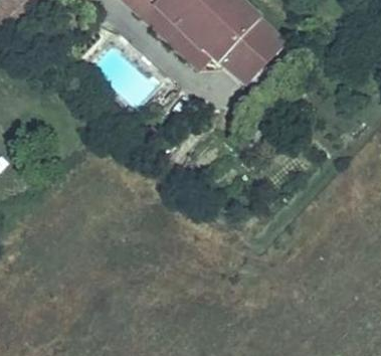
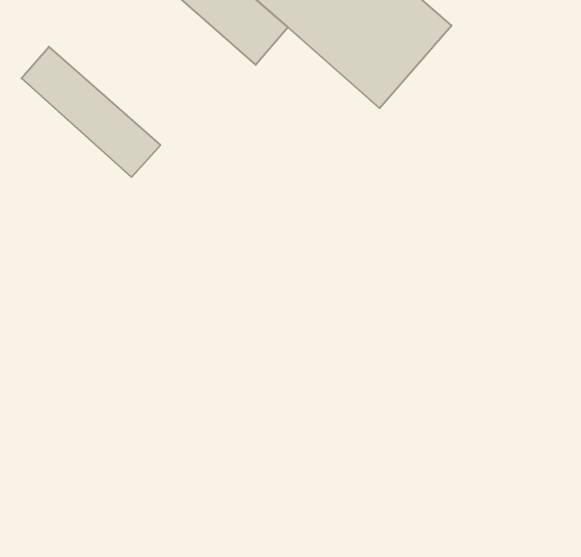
building: none -> [21,47,160,177]

